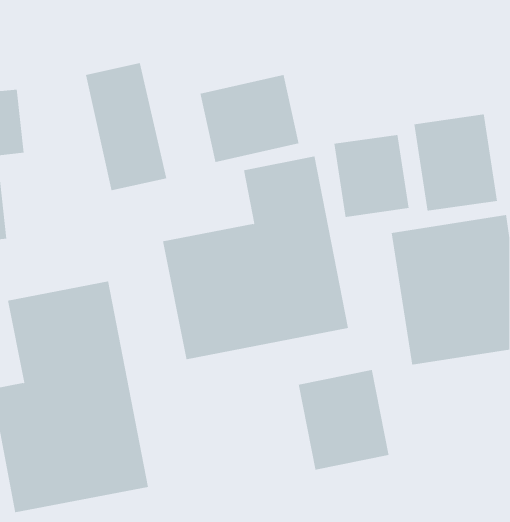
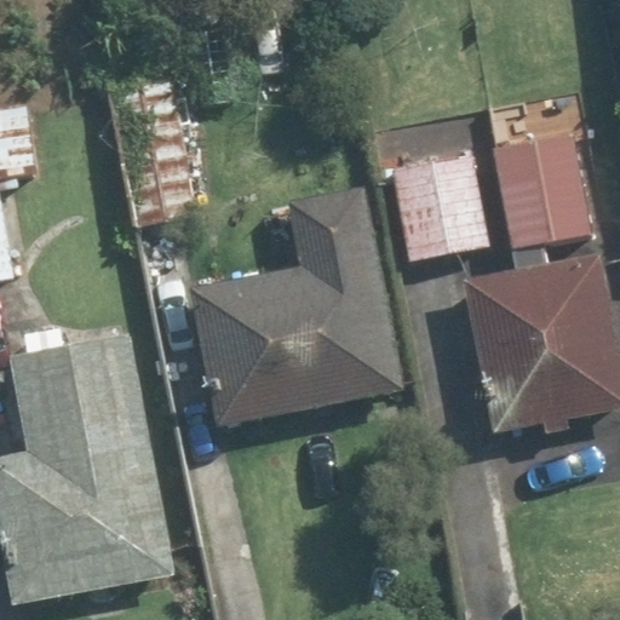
building: [200,74,299,163] -> none
building: [298,369,389,470] -> none

